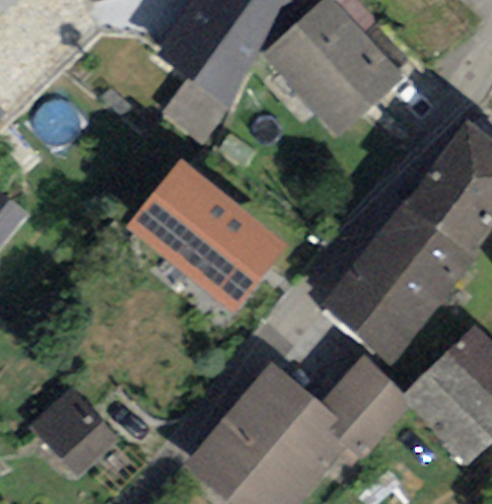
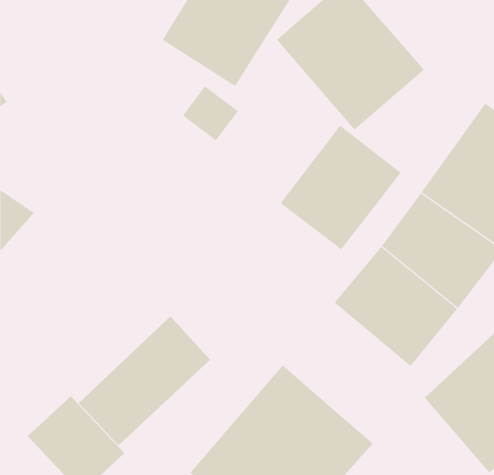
building: none -> [280,125,402,250]
building: [123,155,288,311] -> none
building: none -> [78,316,211,446]
building: [320,358,412,460] -> none

